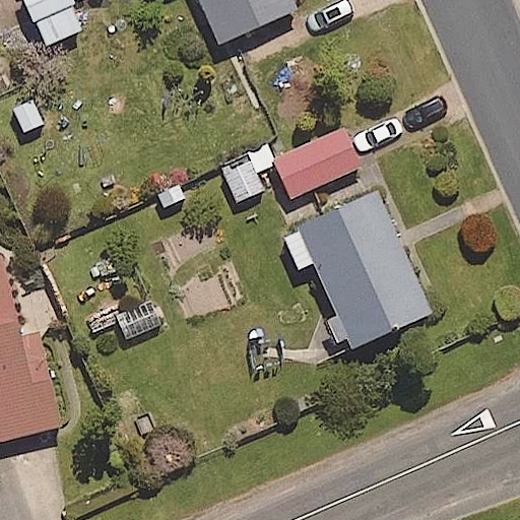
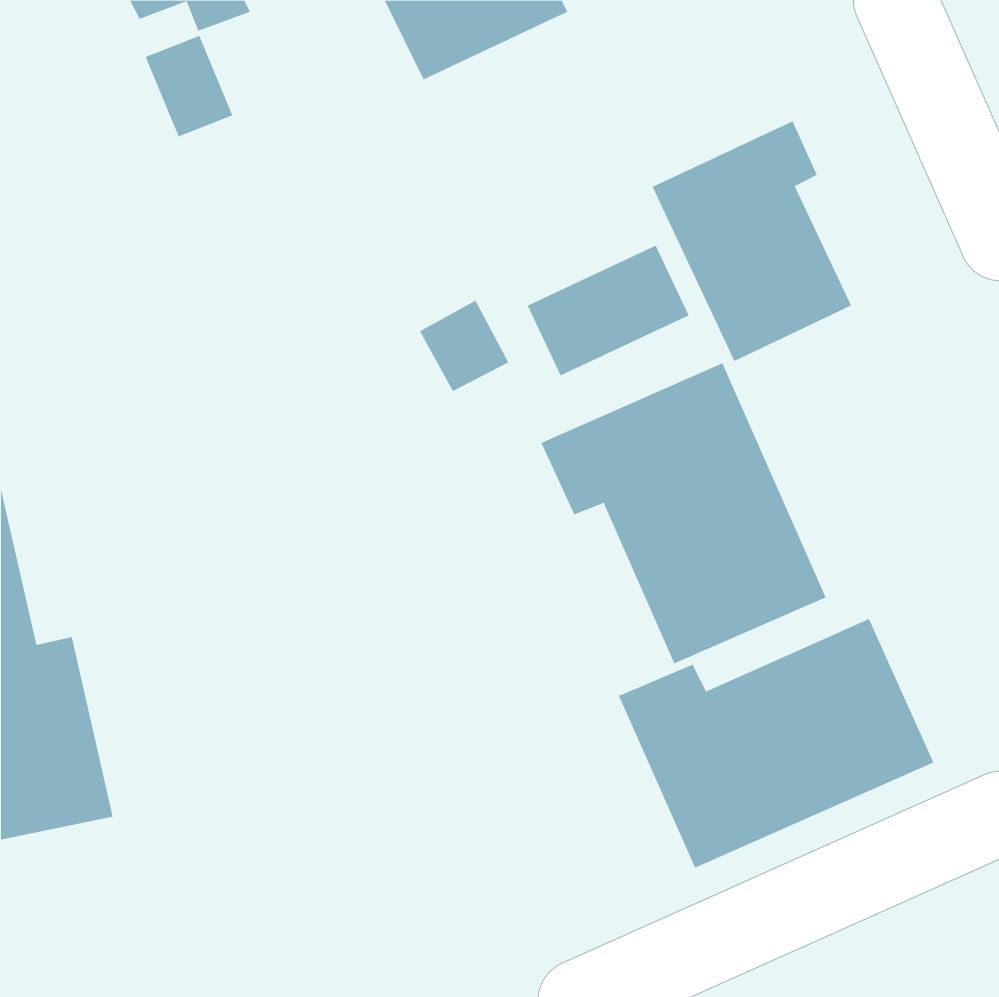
building: none -> [652,120,852,362]
building: none -> [618,618,934,869]

